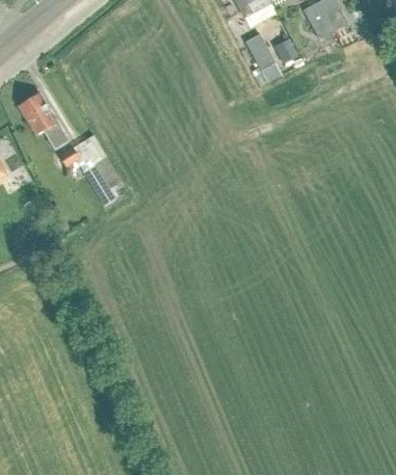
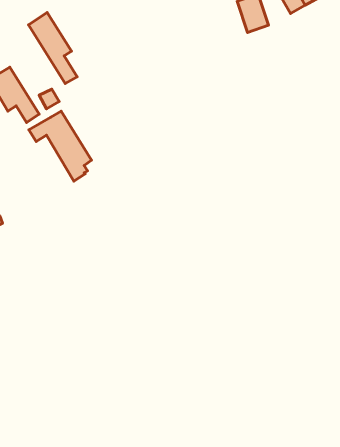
building: [244,33,274,71] -> none
building: none -> [29,13,77,83]

